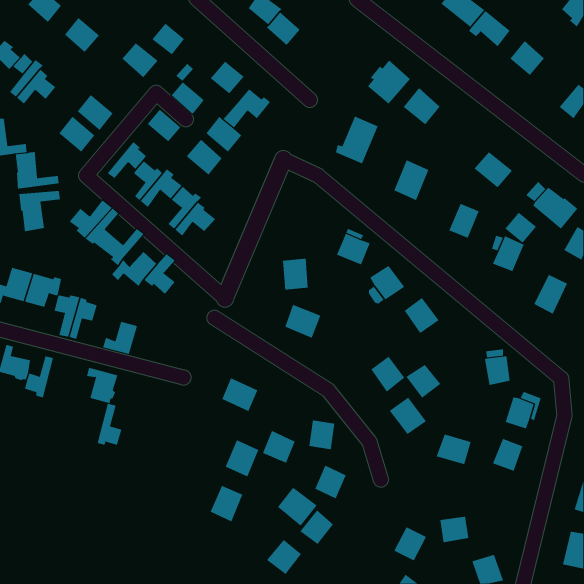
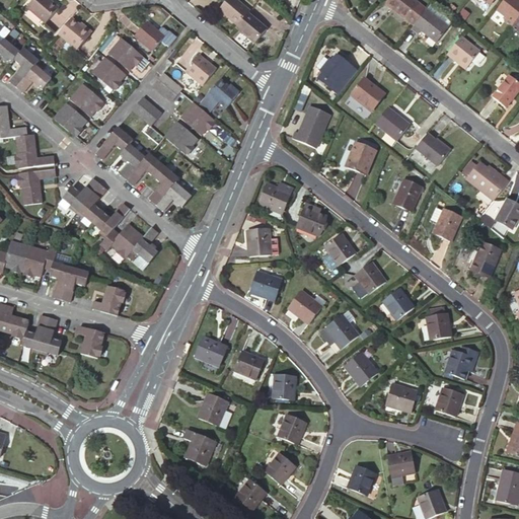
building: none -> [90,57,124,88]
building: none -> [379,106,415,141]
building: none -> [261,182,296,213]
building: [505,212,537,244] -> none
building: none -> [289,289,323,322]
building: [406,364,441,399] -> [384,290,416,320]
building: [97,403,122,446] -> [39,316,61,354]
building: [262,430,296,463] -> [236,348,266,377]
building: [277,487,317,527] -> none

